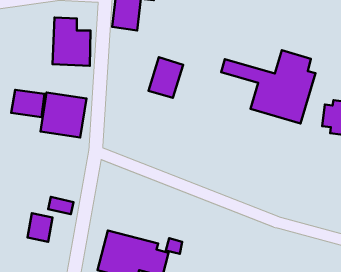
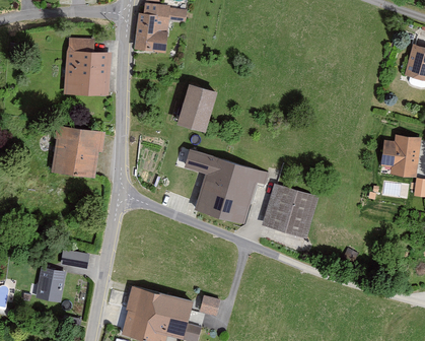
building: [221,50,315,124] -> none
building: [11,90,45,117] -> none
building: none -> [185,149,267,223]
building: none -> [261,183,317,237]

